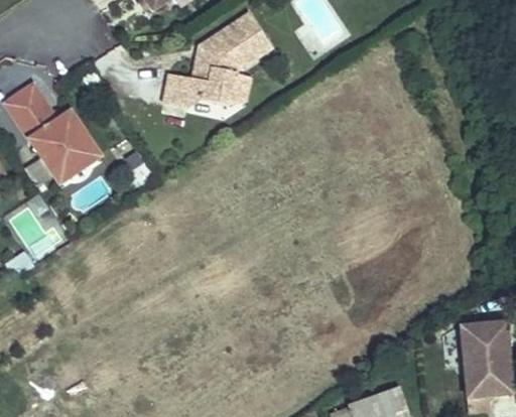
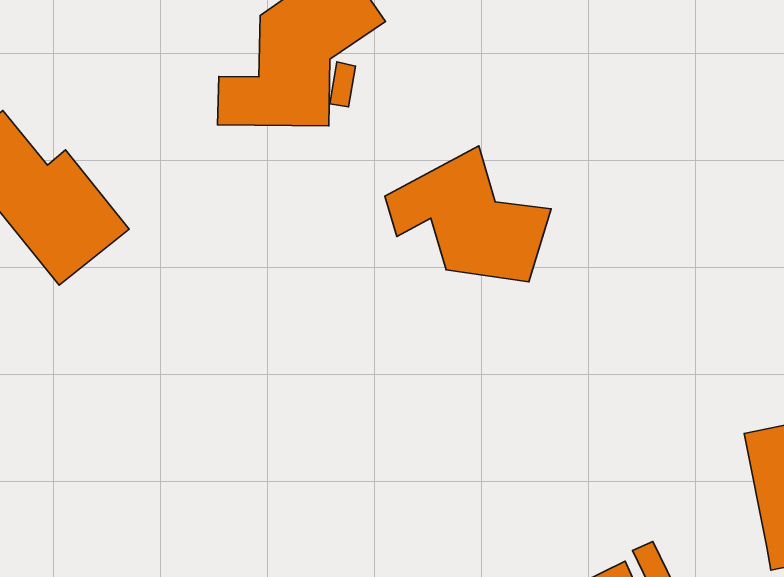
building: none -> [385,146,551,282]

